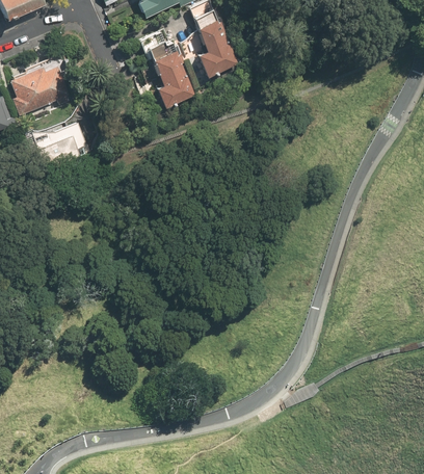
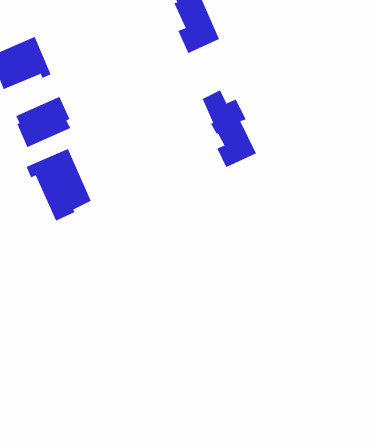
building: [140,30,195,109] -> [202,89,257,168]
building: none -> [26,148,91,221]

